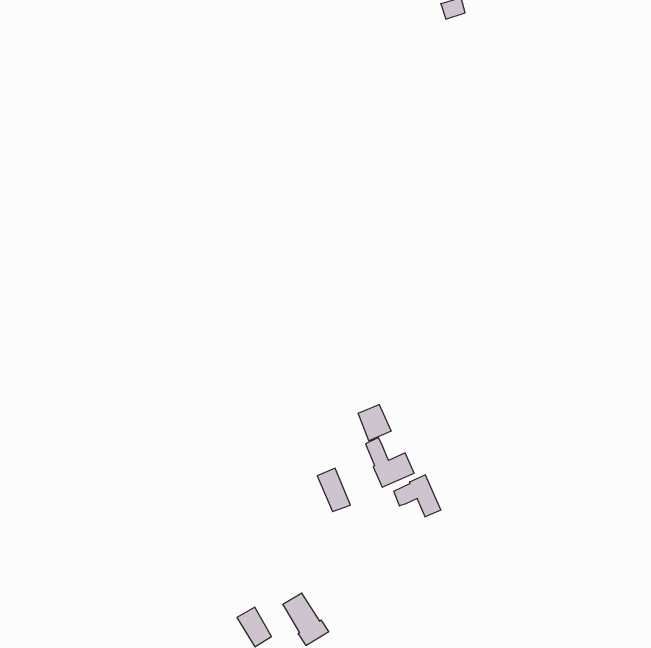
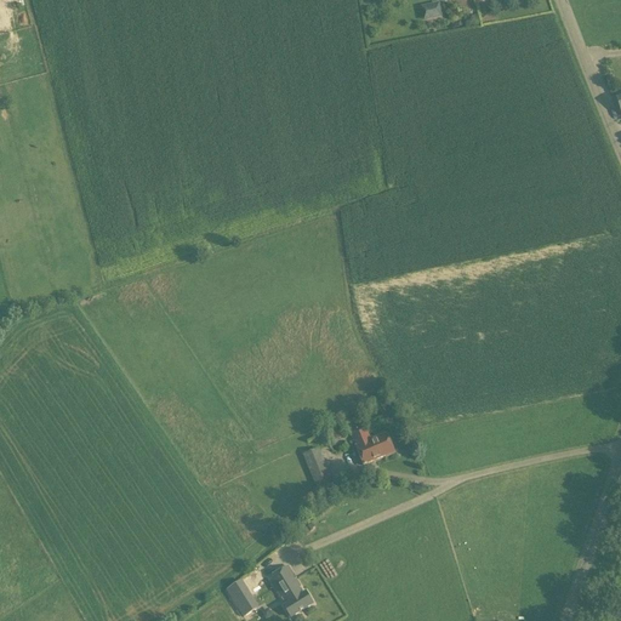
building: [358,405,391,441] -> none
building: [394,475,441,517] -> none

